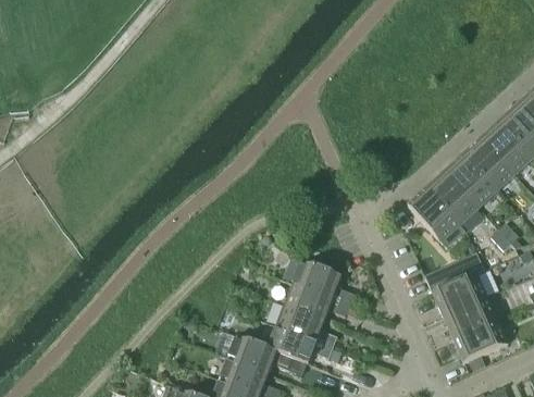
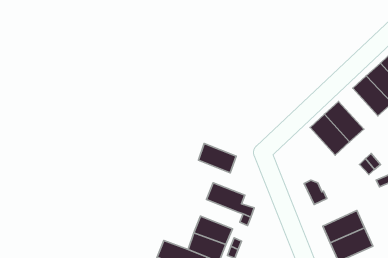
building: [464,138,516,191] -> none
building: [409,189,460,243] -> none
building: [433,274,488,318] -> none
building: [285,283,334,321] -> [198,144,236,173]

